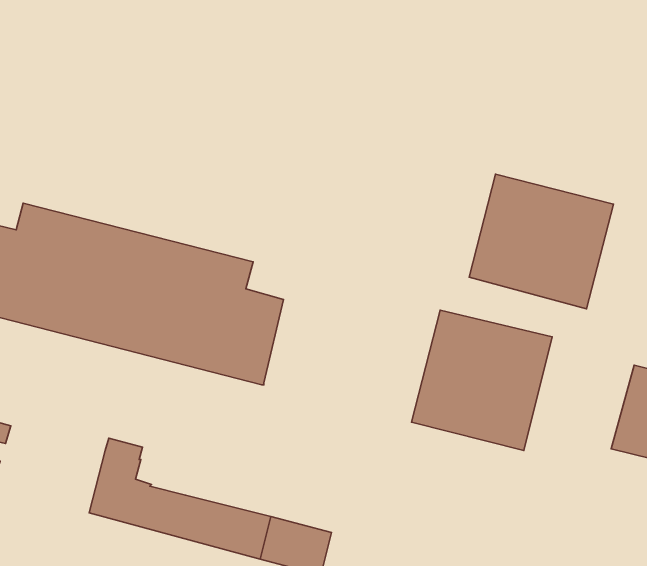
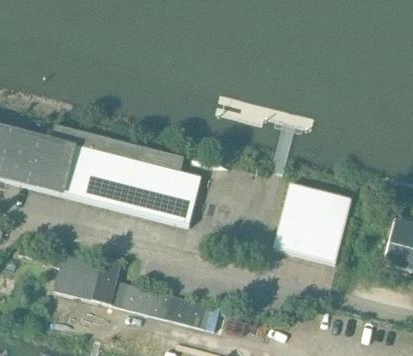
building: [469,174,614,309] -> none
building: none -> [53,253,99,299]

